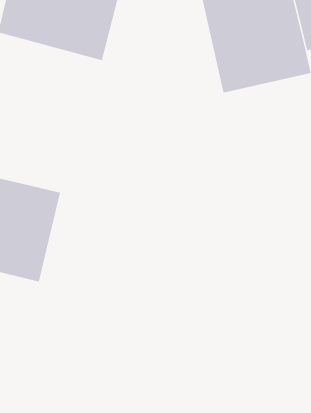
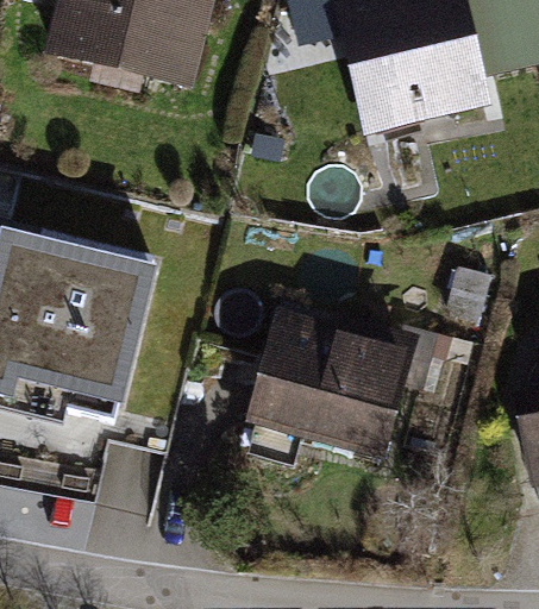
building: none -> [249,295,421,454]

